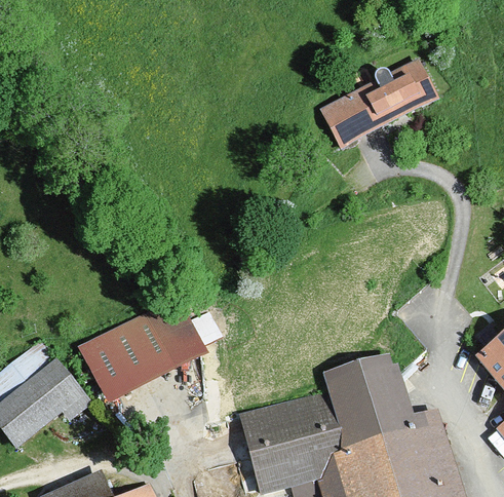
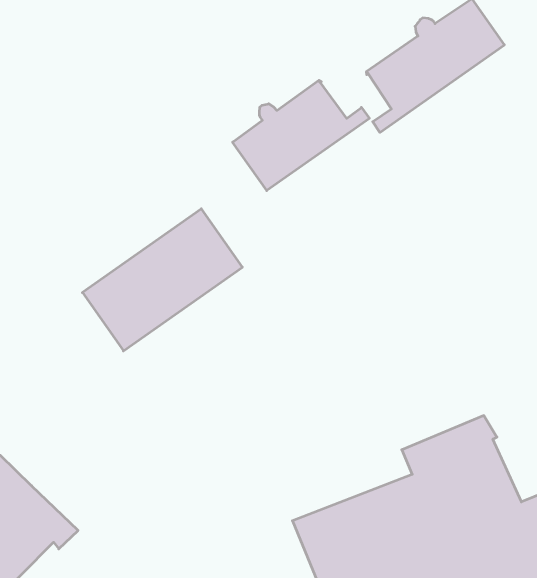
building: none -> [233,80,369,191]
building: [83,301,199,394] -> [82,209,242,351]

